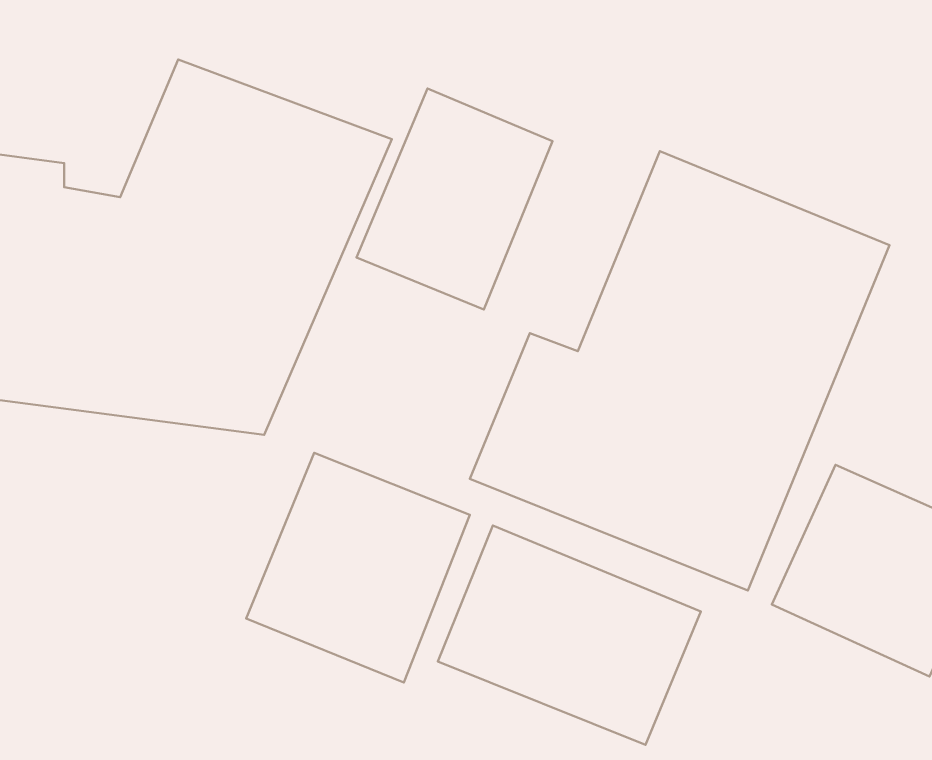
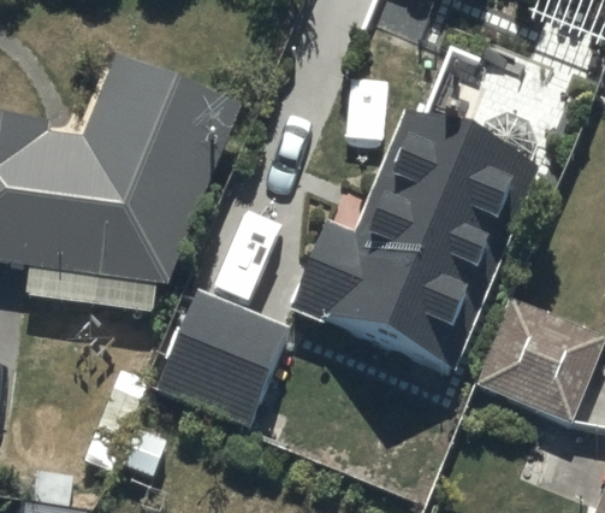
building: [356,89,552,310] -> none
building: [438,526,701,745] -> none

